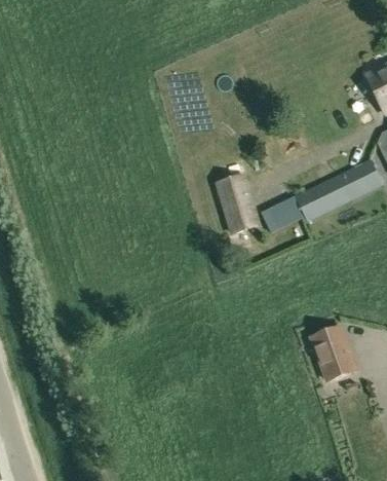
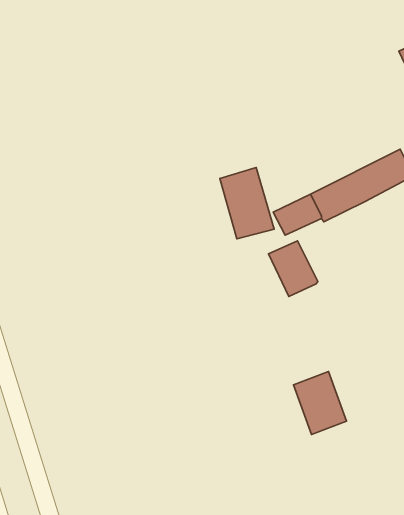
building: none -> [268,241,318,296]
building: [312,327,357,380] -> [293,372,347,435]

